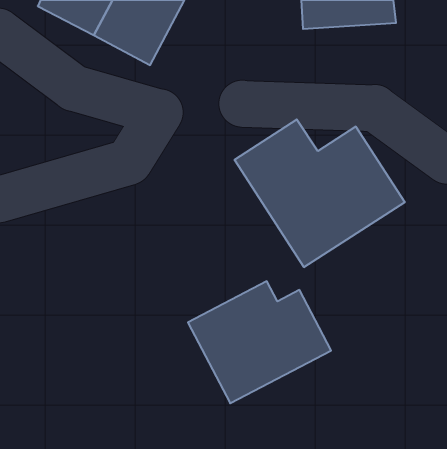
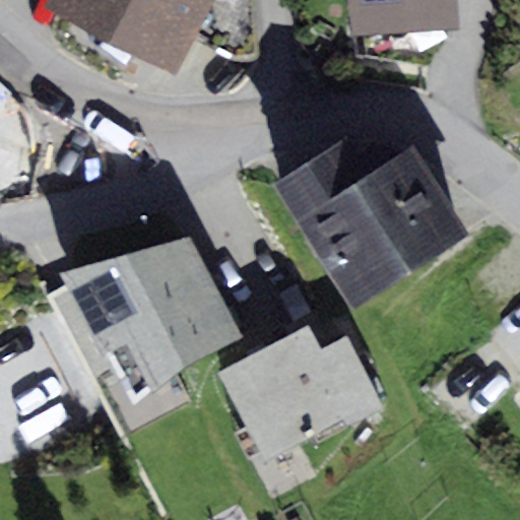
building: none -> [61,236,240,404]

